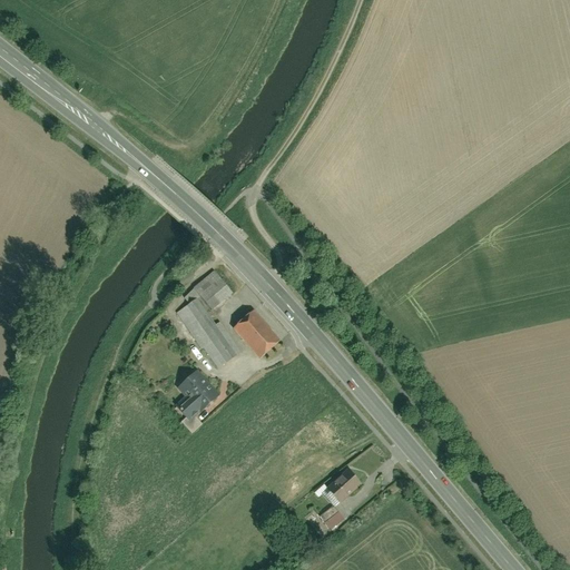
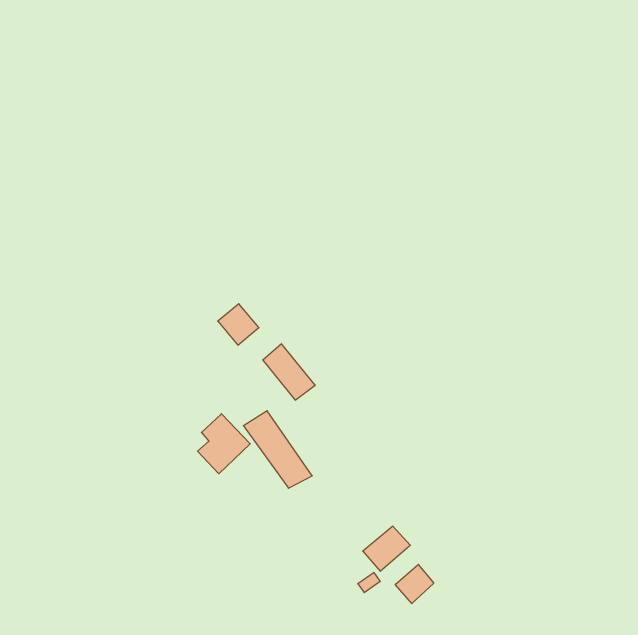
building: [175,297,236,366] -> [243,411,312,488]
building: none -> [395,564,434,604]

